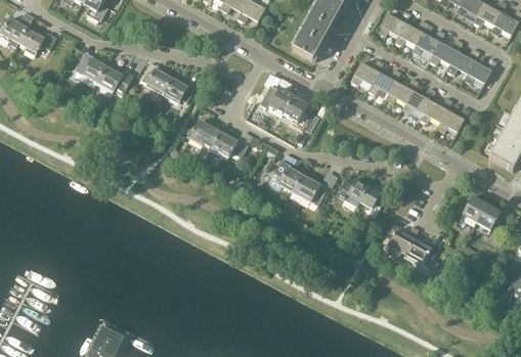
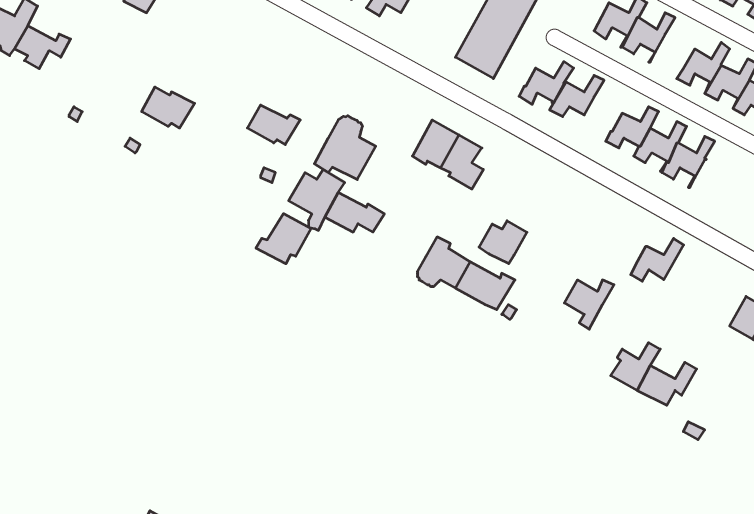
building: [413,29,445,60] -> none
building: [78,51,105,81] -> none
building: [142,60,171,91] -> none
building: [367,68,401,94] -> [519,62,574,104]
building: none -> [314,116,376,180]
building: [437,105,470,132] -> [631,238,684,281]
building: none -> [256,214,311,264]
building: [338,178,367,205] -> [479,221,527,264]

